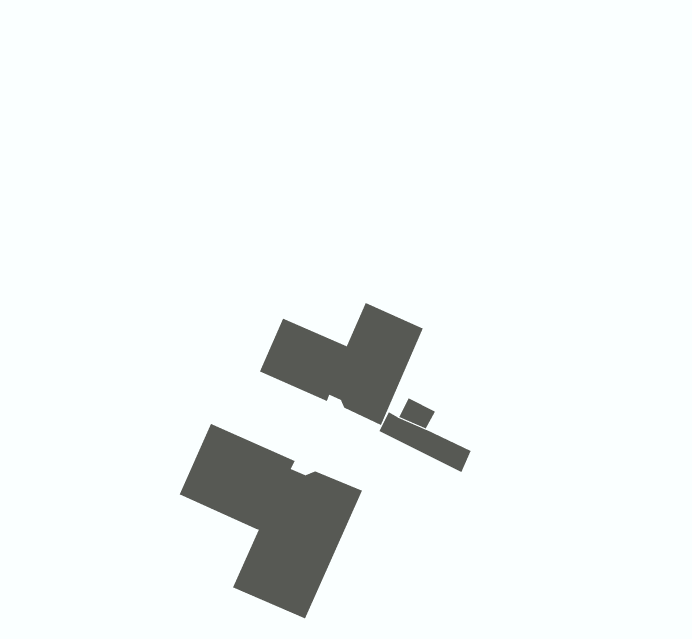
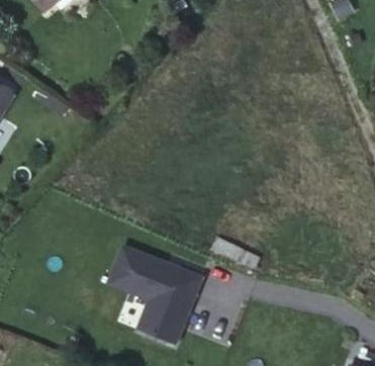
building: [259,302,424,426] -> none

